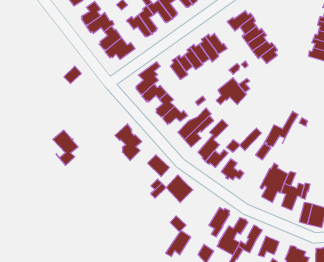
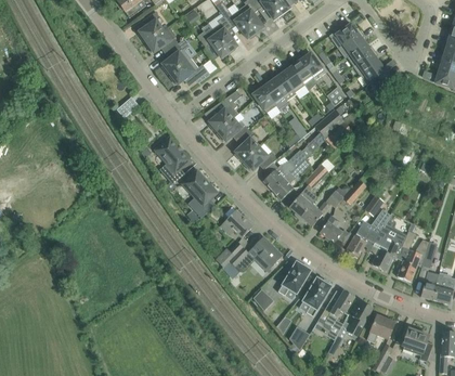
building: [265,111,298,147] -> [347,211,390,257]
building: [53,130,78,165] -> [156,139,188,184]
building: [166,231,191,257] -> [277,262,310,296]

